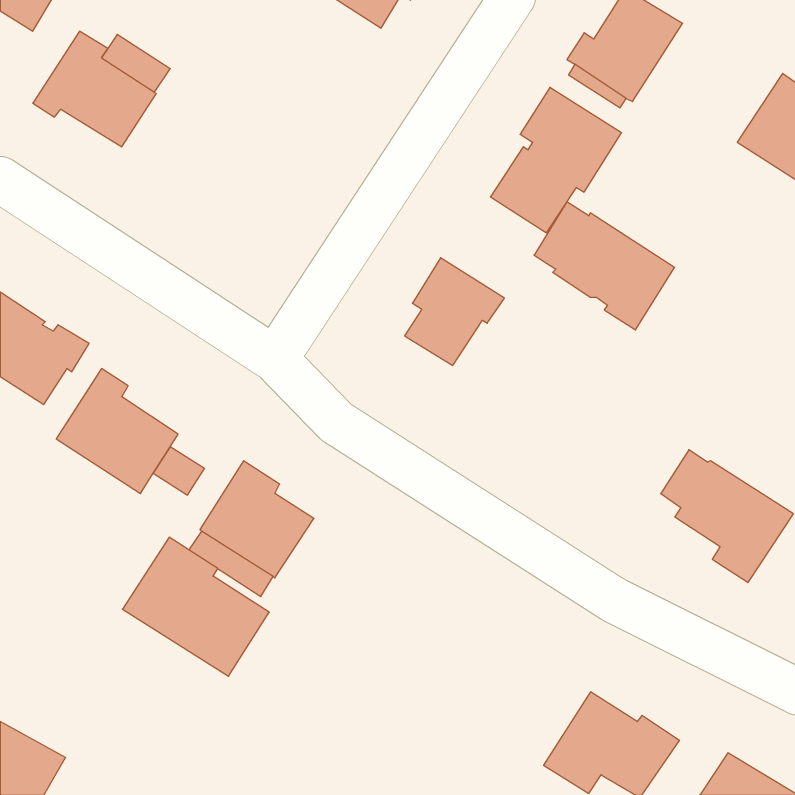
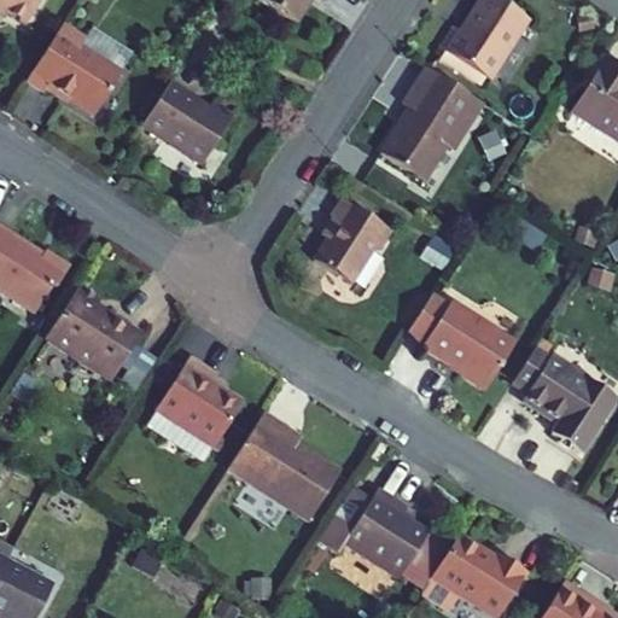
building: none -> [142,81,235,164]
building: [534,202,675,330] -> [408,292,517,391]
building: [122,537,269,676] -> [228,413,342,520]
building: none -> [320,486,430,577]

